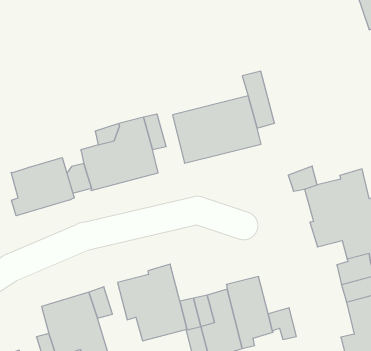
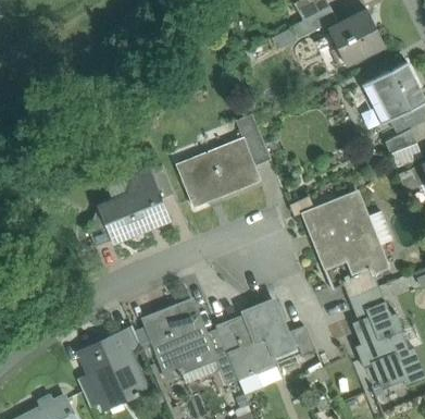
building: [11,158,74,216] -> none

